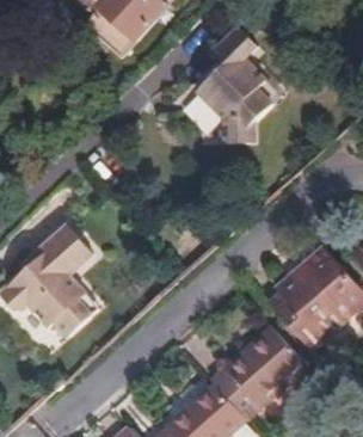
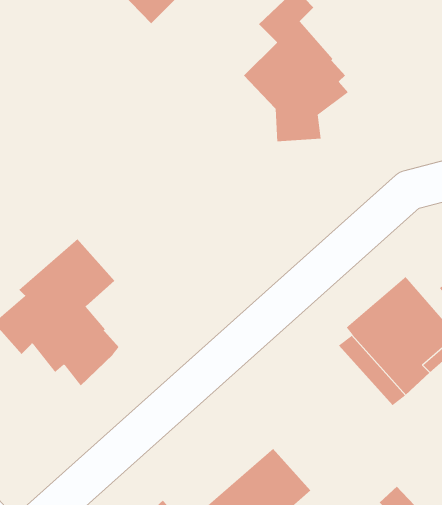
building: [215,330,306,418] -> none

